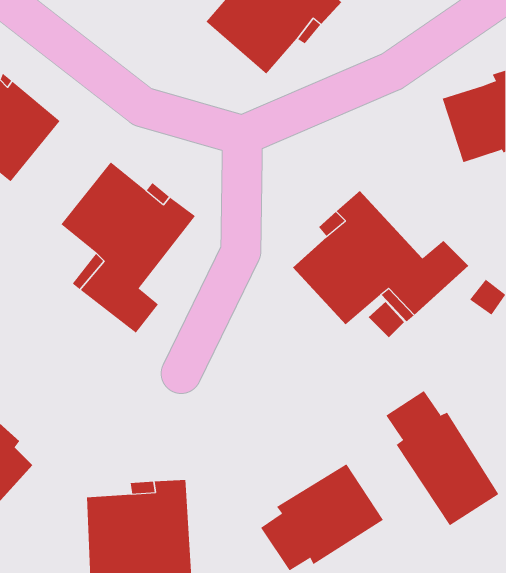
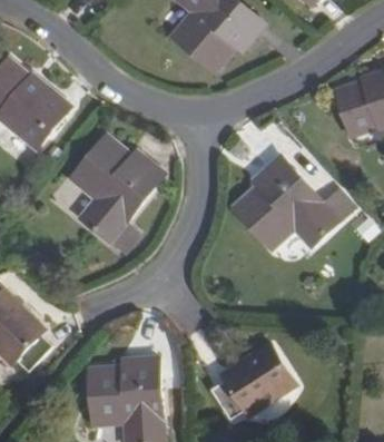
building: [385,390,499,526] -> none

